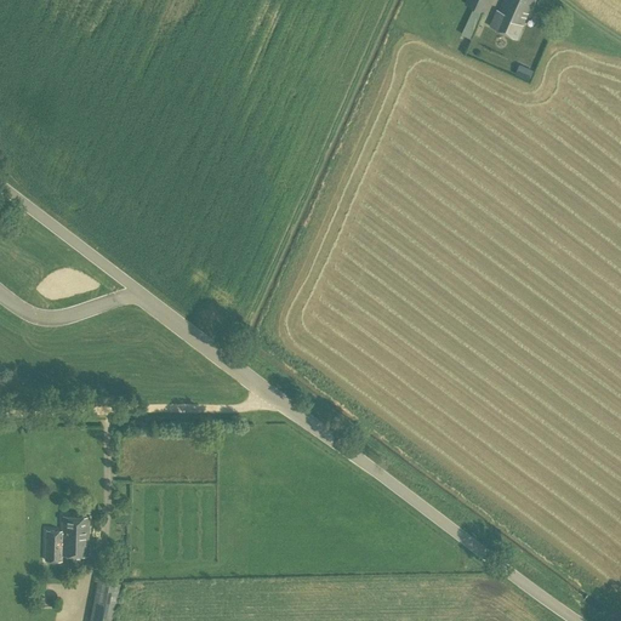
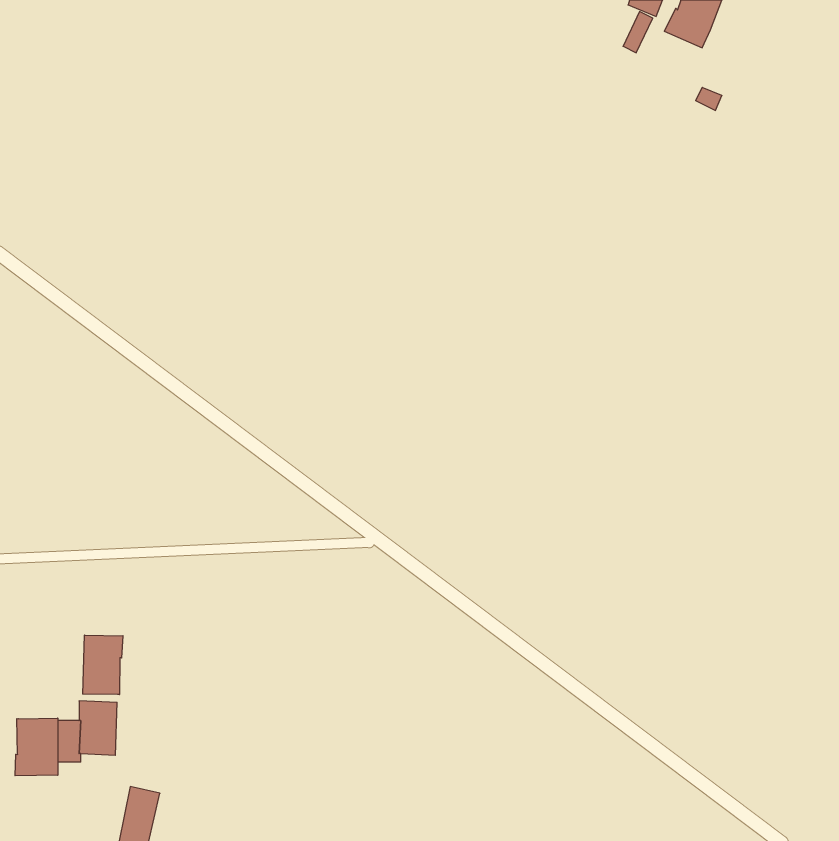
building: none -> [83,635,123,695]
building: none -> [15,718,58,776]

